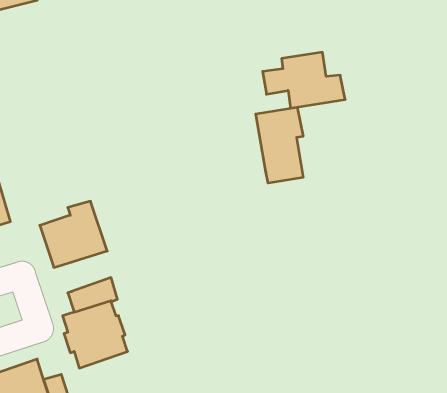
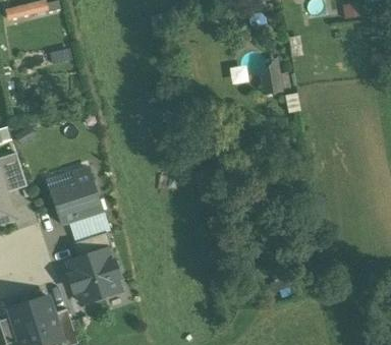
building: [256,107,303,183] -> none
building: none -> [68,209,110,241]

